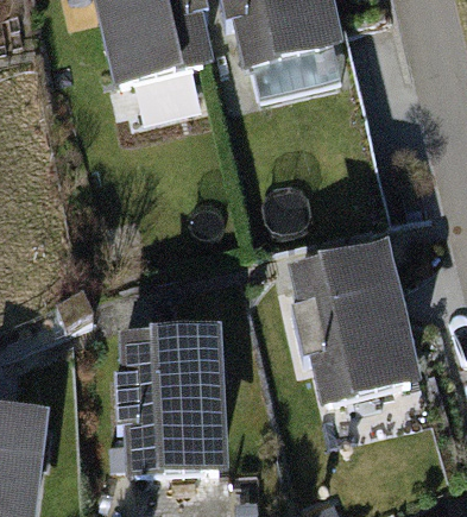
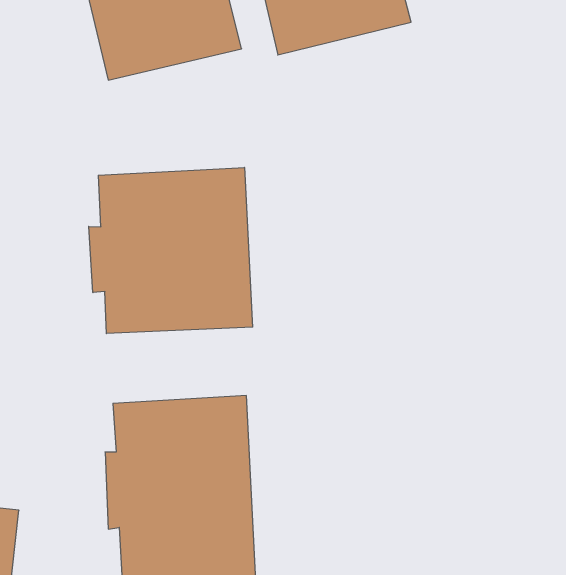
building: none -> [89,167,253,334]
building: [288,248,419,408] -> none

